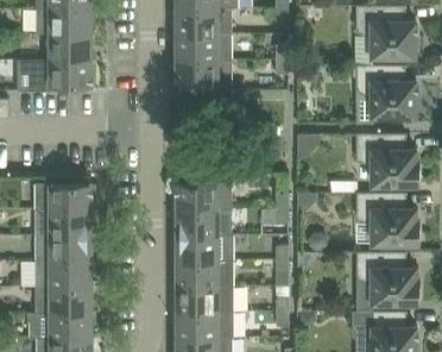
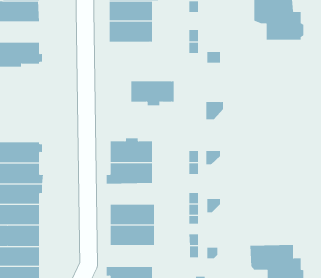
building: [50,33,90,58] -> none
building: [176,58,231,89] -> [130,81,175,106]
building: [355,64,418,115] -> none
building: [355,132,419,183] -> none
building: [355,191,419,243] -> none
building: [172,233,233,259] -> none
building: [355,251,419,302] -> none
building: [172,310,233,337] -> none

